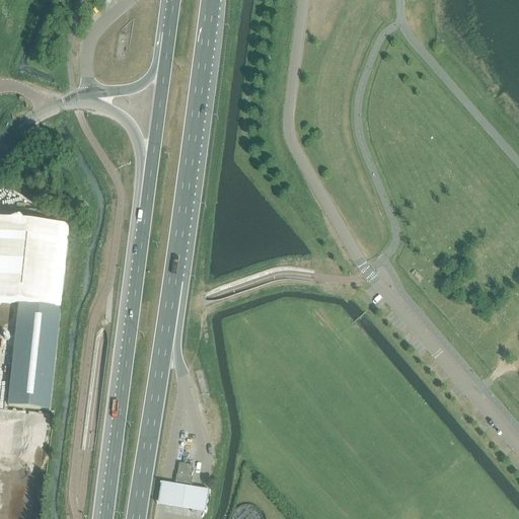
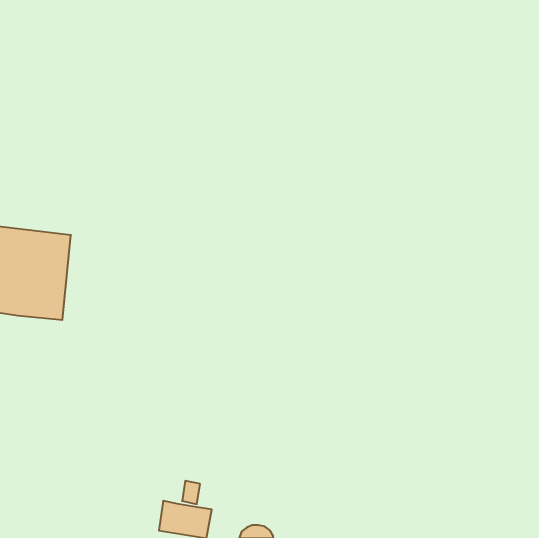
building: [7,302,60,409] -> none

